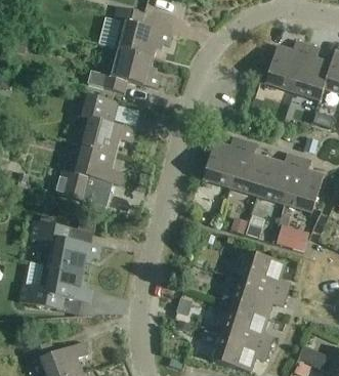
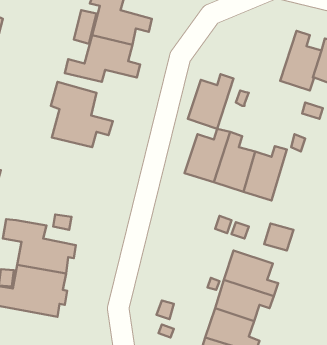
building: [264,39,307,90] -> [188,74,234,129]
building: [55,143,123,206] -> none
building: [284,155,323,211] -> none

